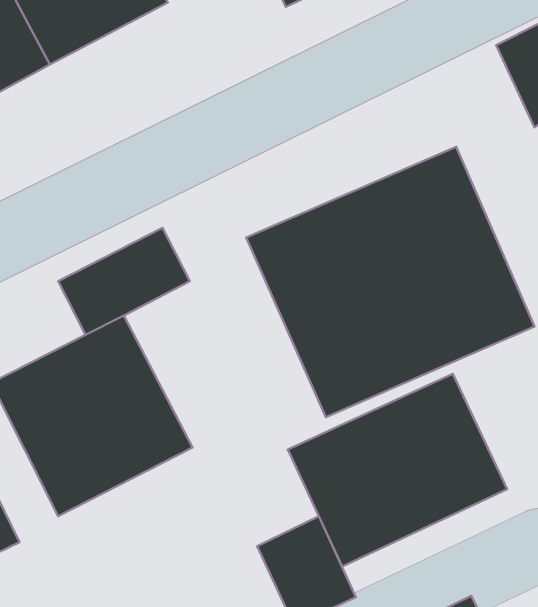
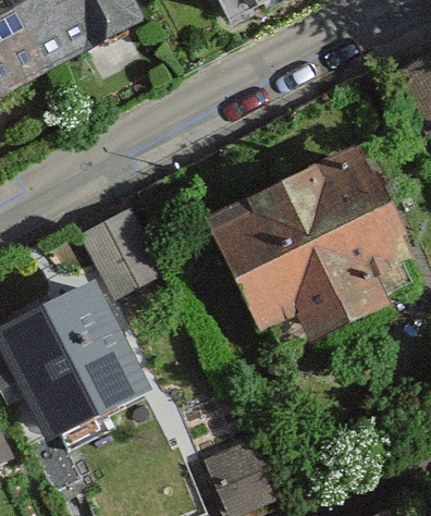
building: [288,374,507,566] -> none

